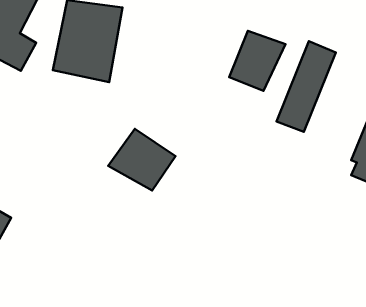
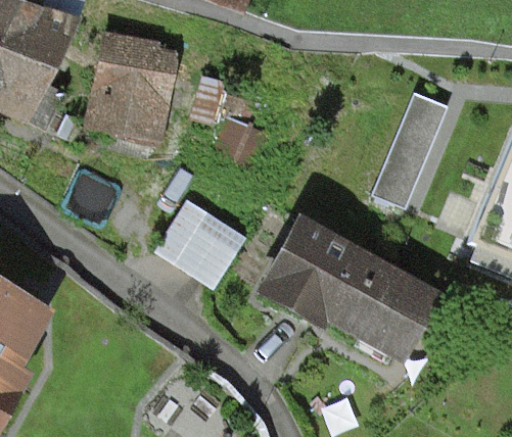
building: [229,31,286,91] -> none
building: none -> [264,226,431,354]

